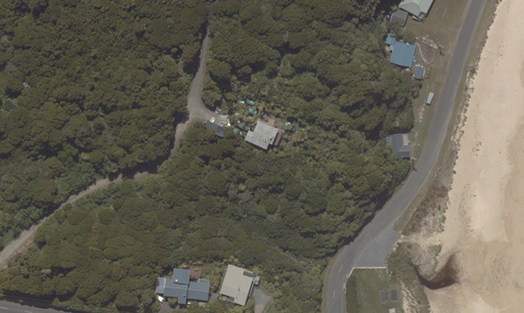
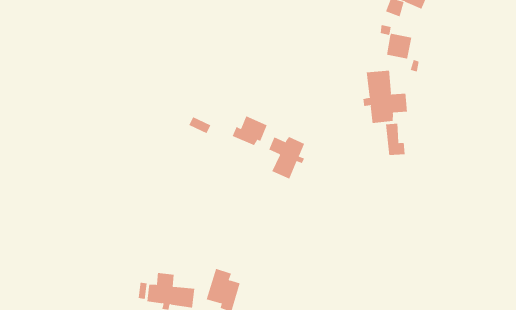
building: none -> [363,70,408,124]
building: none -> [268,136,305,180]

